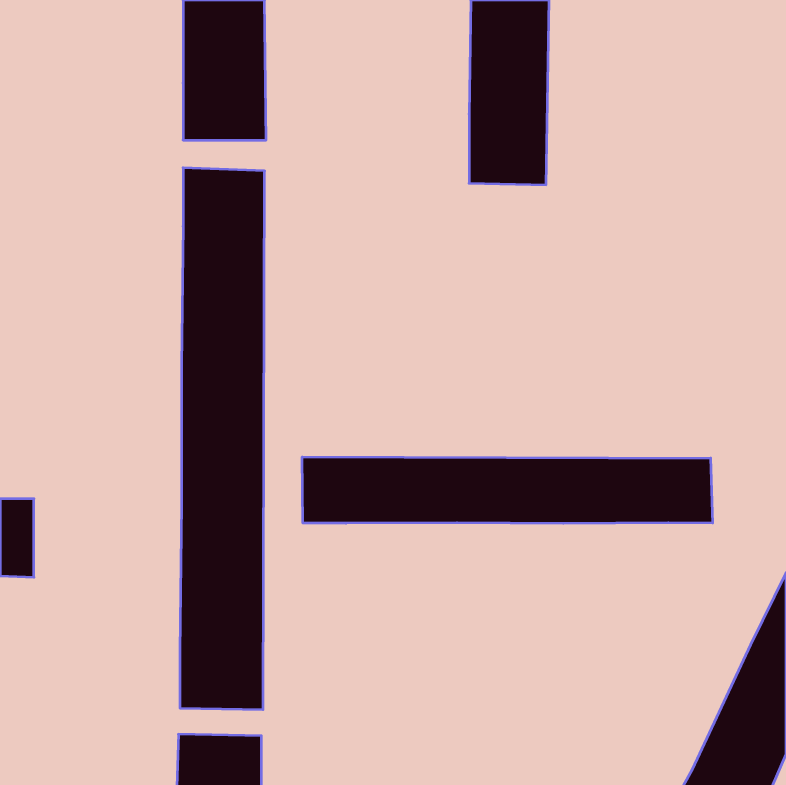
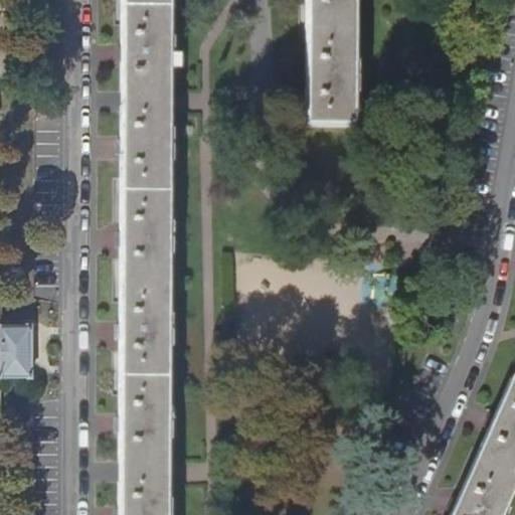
building: [302,457,713,523] -> none

